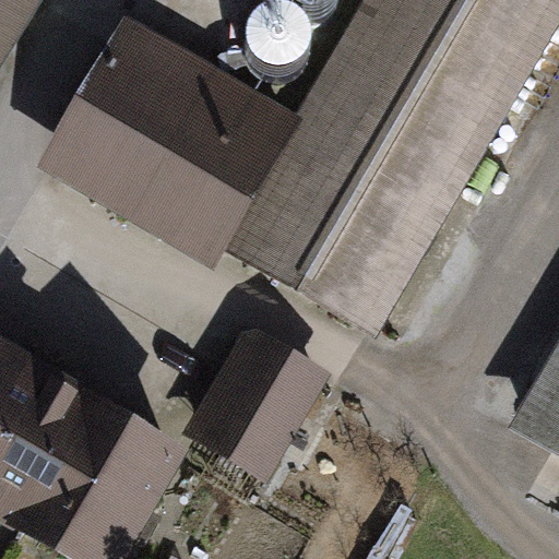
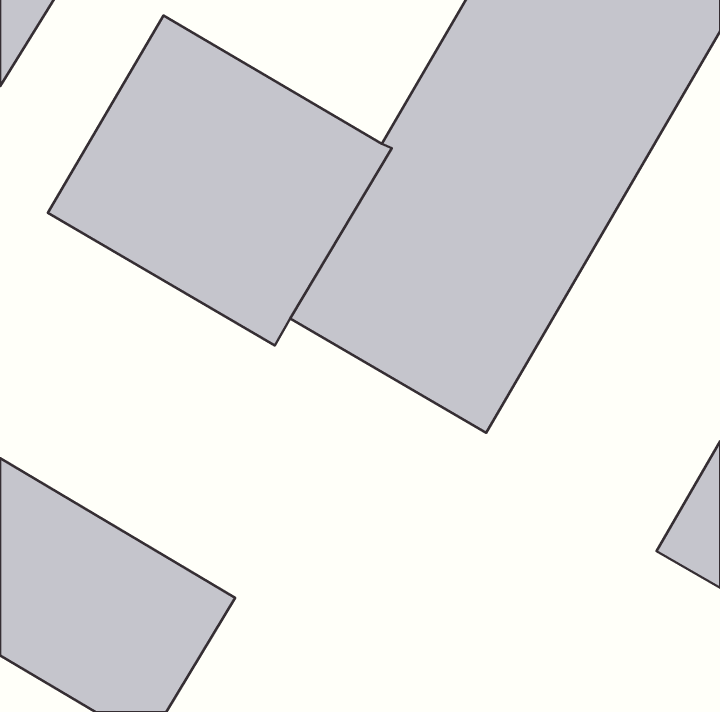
building: [182,328,333,481] -> none

